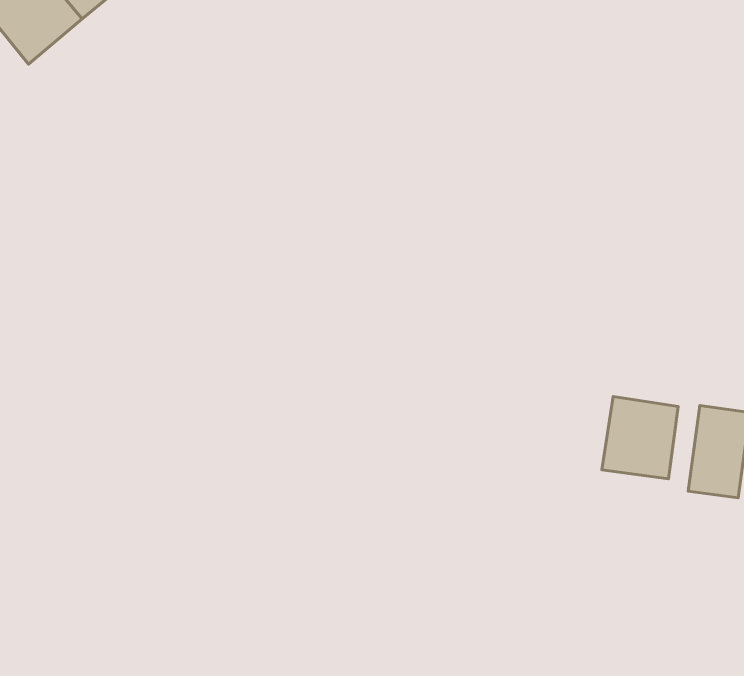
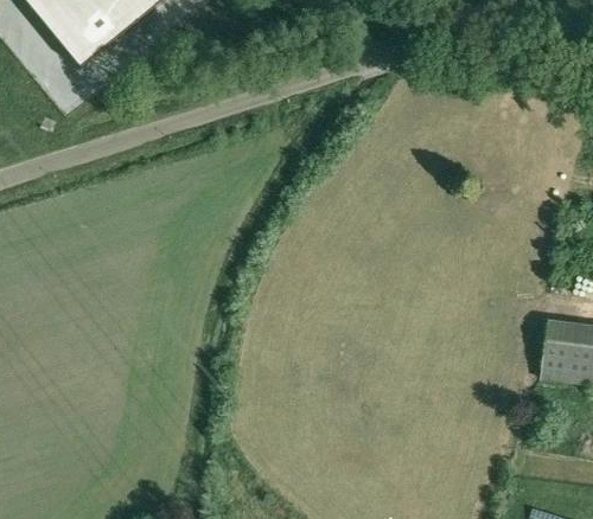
building: [602,396,678,479] -> none

